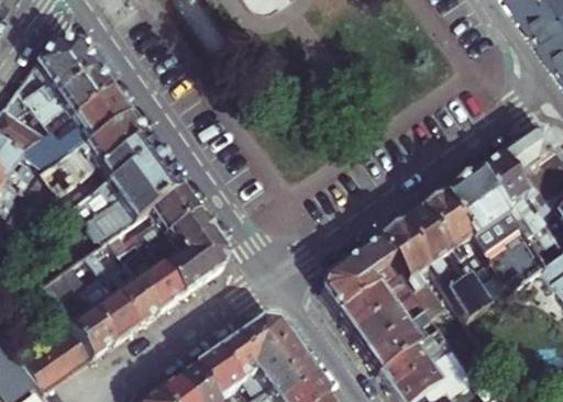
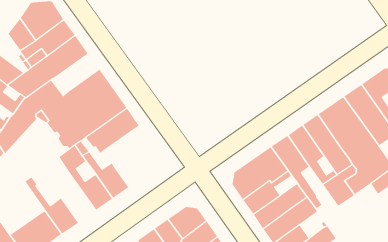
building: [86,110,144,161] -> none
building: [150,208,225,291] -> none
building: [65,259,139,339] -> none

